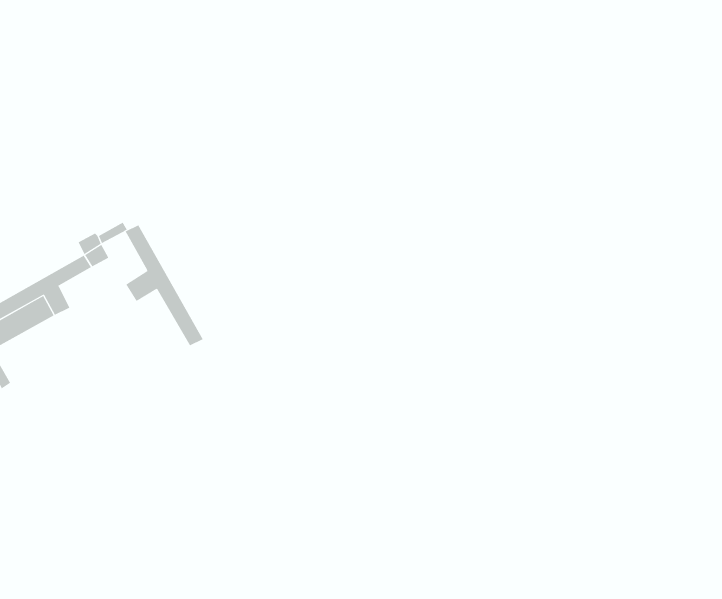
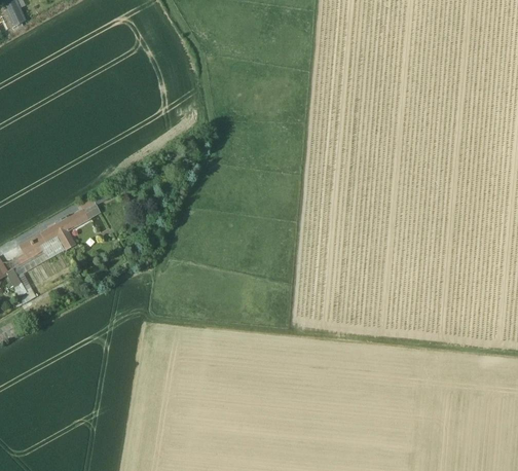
building: [125,225,203,346] -> none

